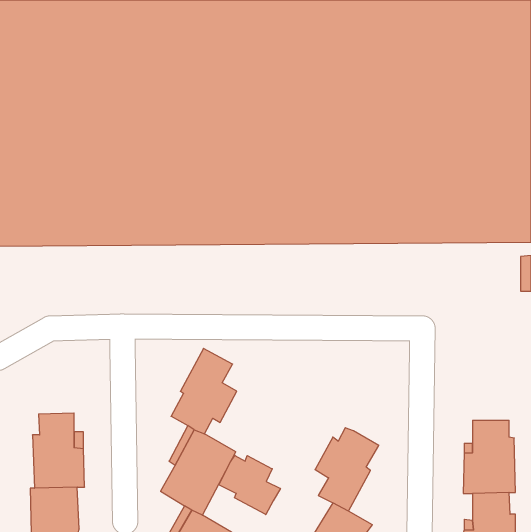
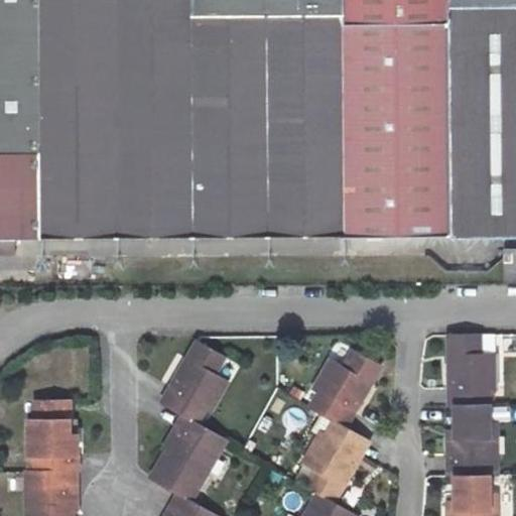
building: none -> [446,336,497,407]
building: none -> [309,344,378,417]
building: [219,455,280,515] -> none

